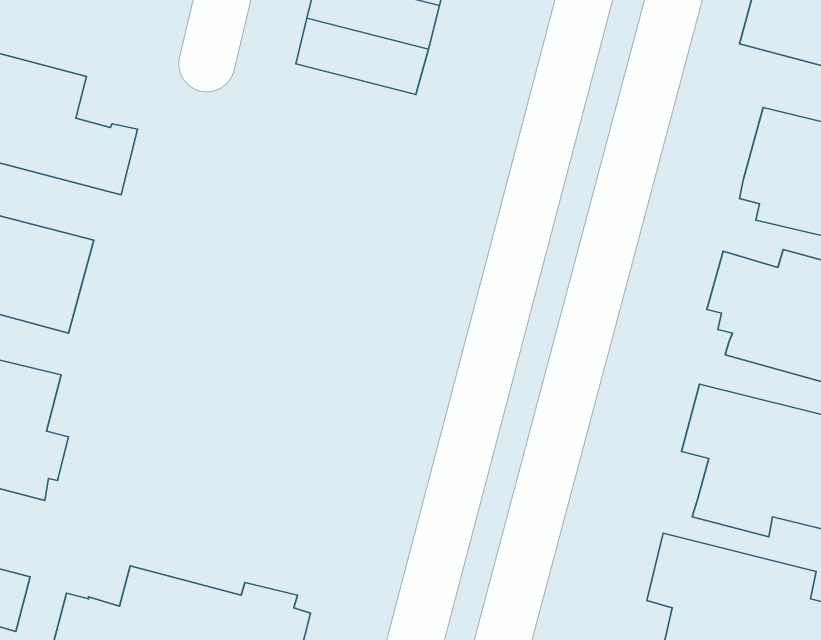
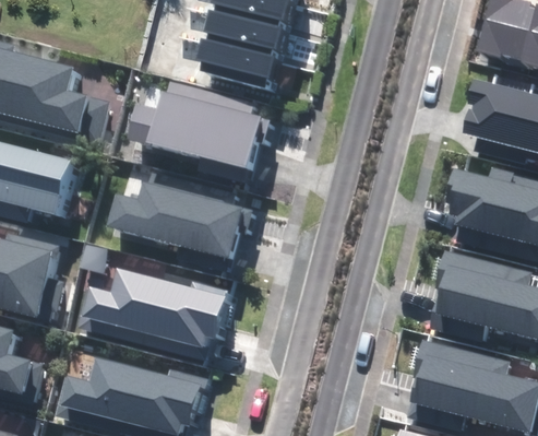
building: none -> [133,81,268,181]
building: none -> [115,173,252,267]
building: none -> [75,271,231,357]

